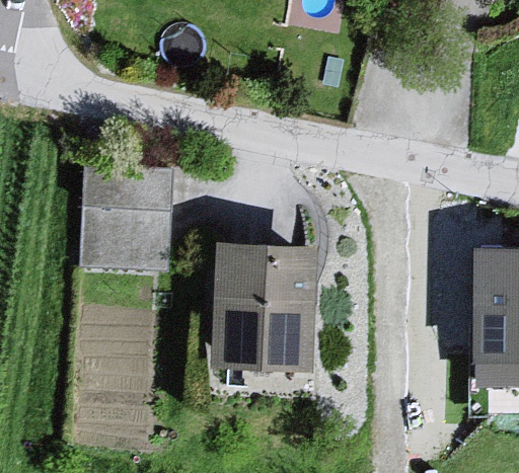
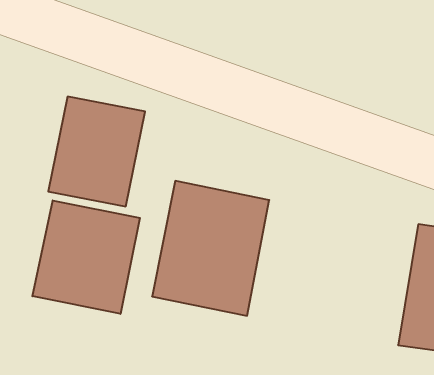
building: none -> [32,200,140,314]

